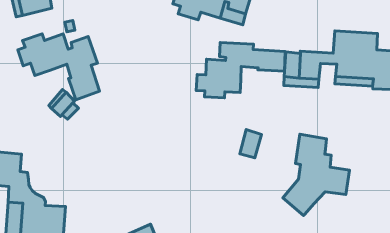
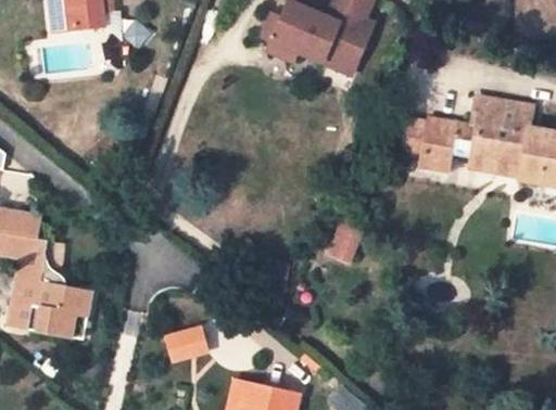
building: [18,34,100,100] -> none
building: [196,42,285,98] -> none
building: [283,134,350,216] -> none

